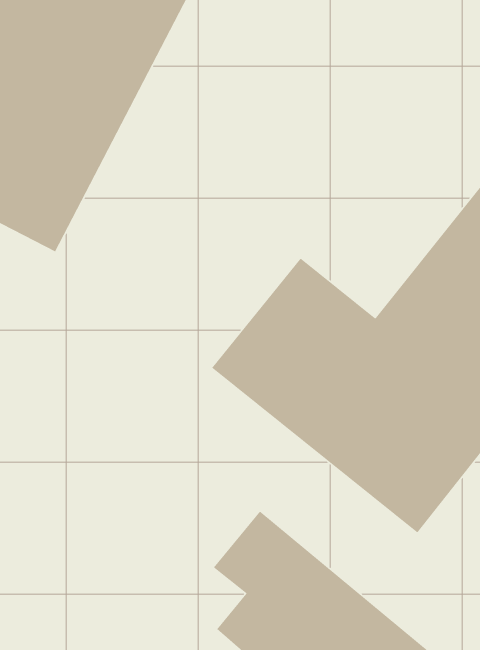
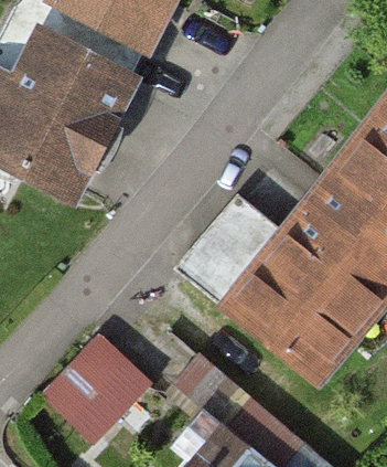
building: none -> [51,342,148,441]

